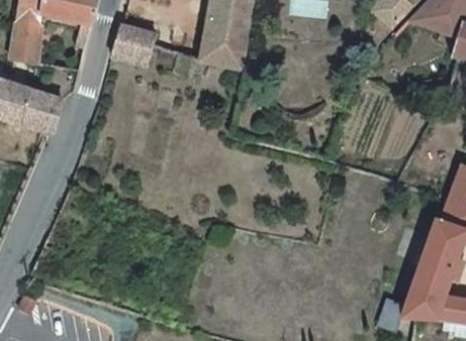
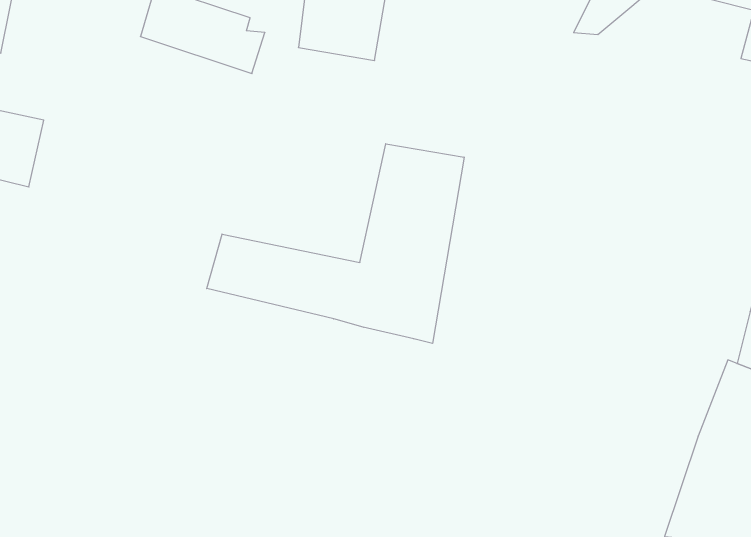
building: none -> [207,144,464,343]

